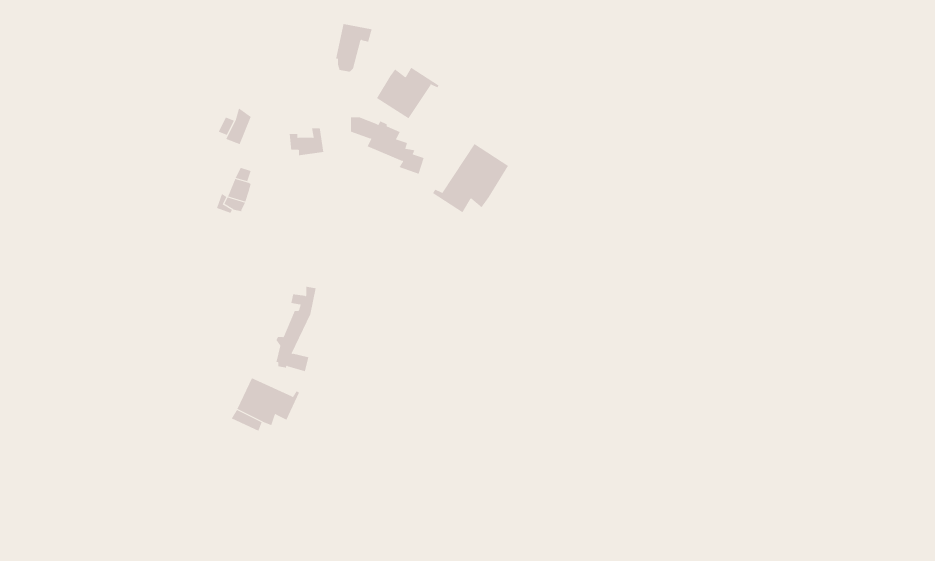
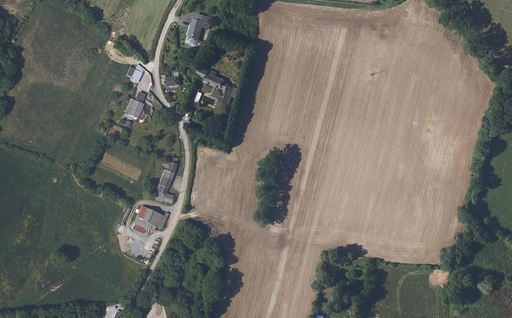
building: [376,67,440,119] -> none
building: [432,143,509,213] -> none

